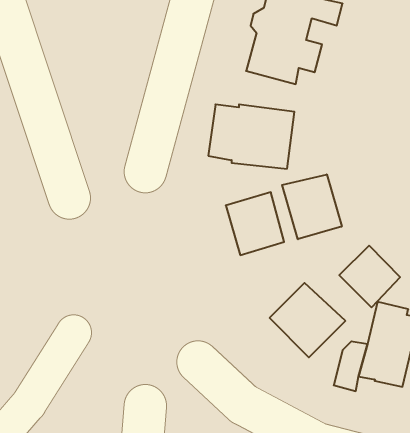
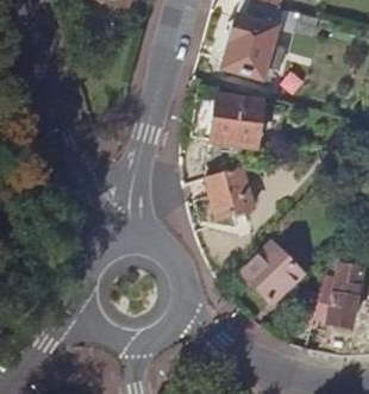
building: [282,174,342,239] -> none
building: [339,246,400,307] -> none

